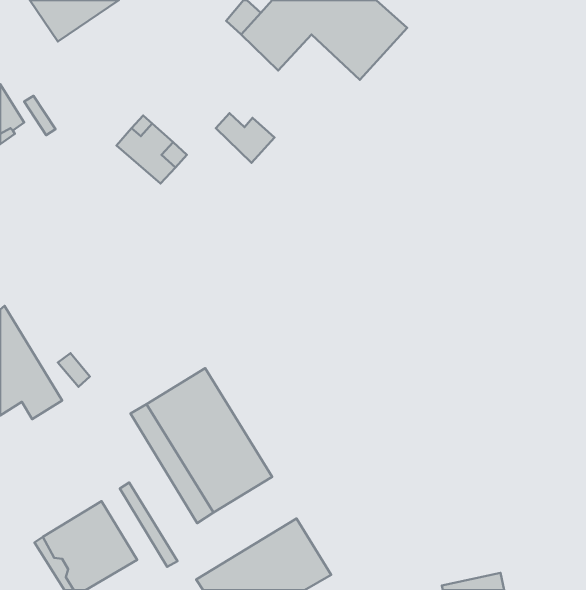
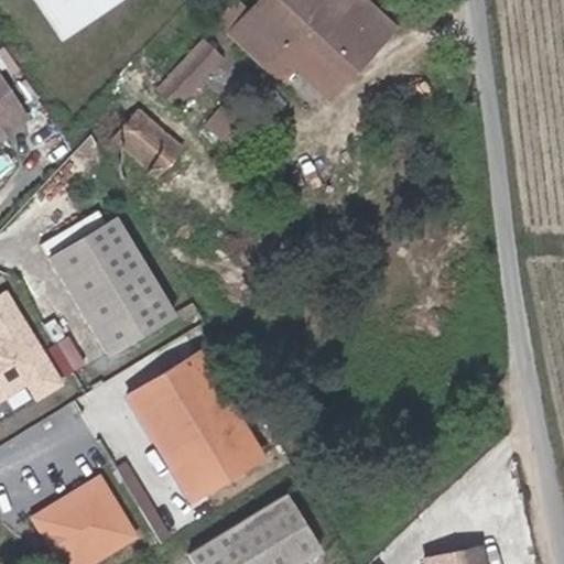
building: none -> [269,33,347,95]
building: none -> [161,41,223,105]
building: none -> [51,216,174,354]

